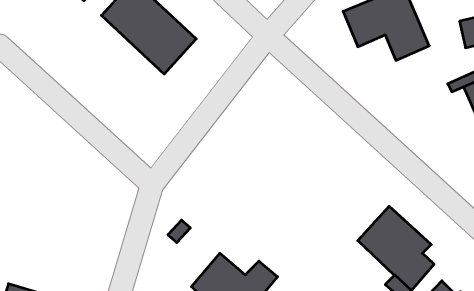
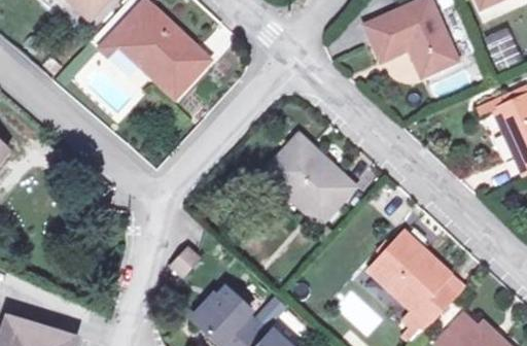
building: none -> [271,138,355,222]

